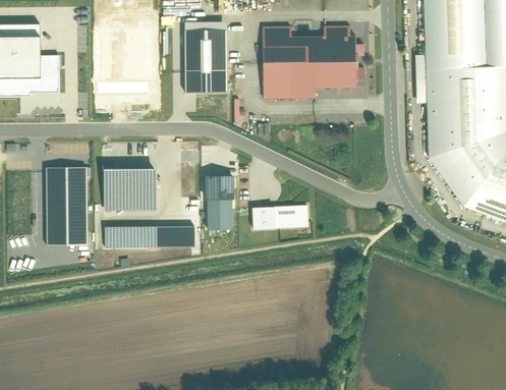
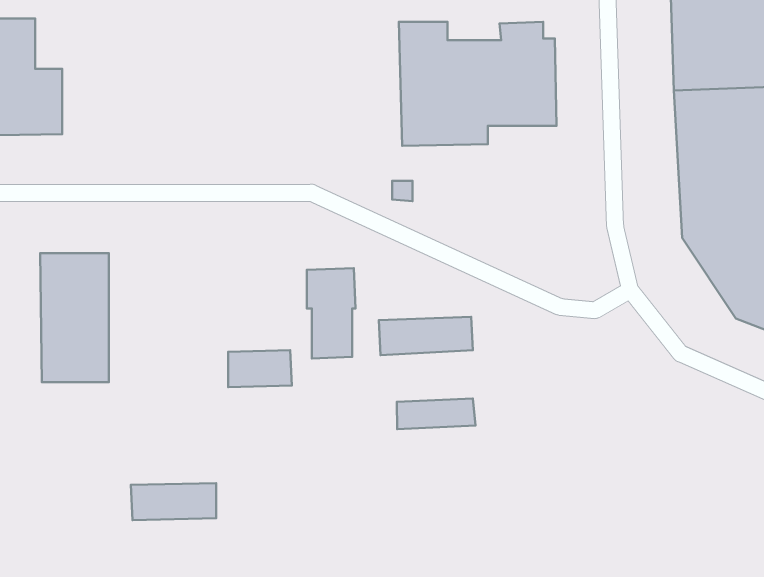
building: [184,20,227,92] -> none
building: [104,168,157,211] -> none
building: [105,226,157,248] -> [131,483,216,520]
building: none -> [397,398,475,429]

